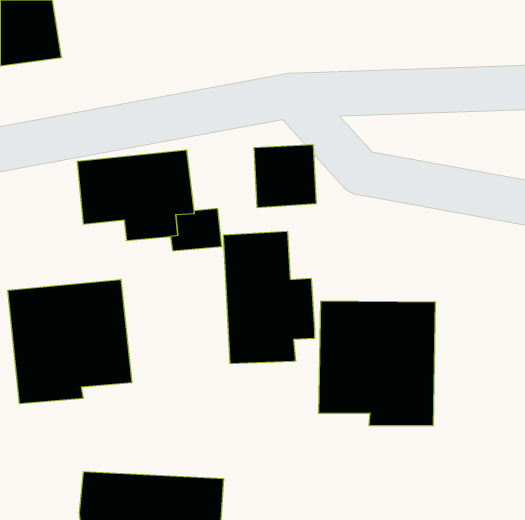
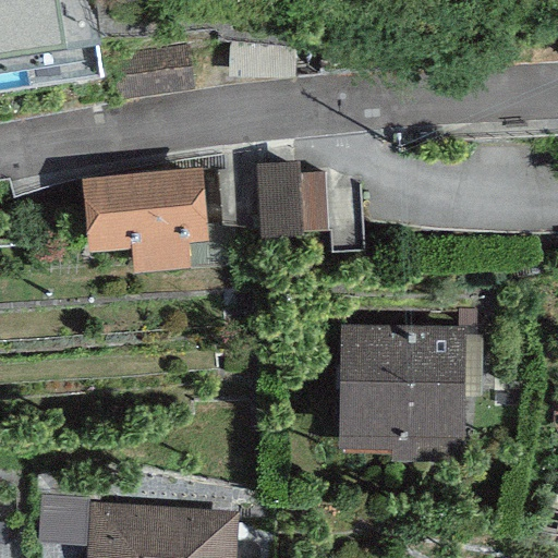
building: [223,231,315,364] -> none
building: [8,279,132,404] -> none

